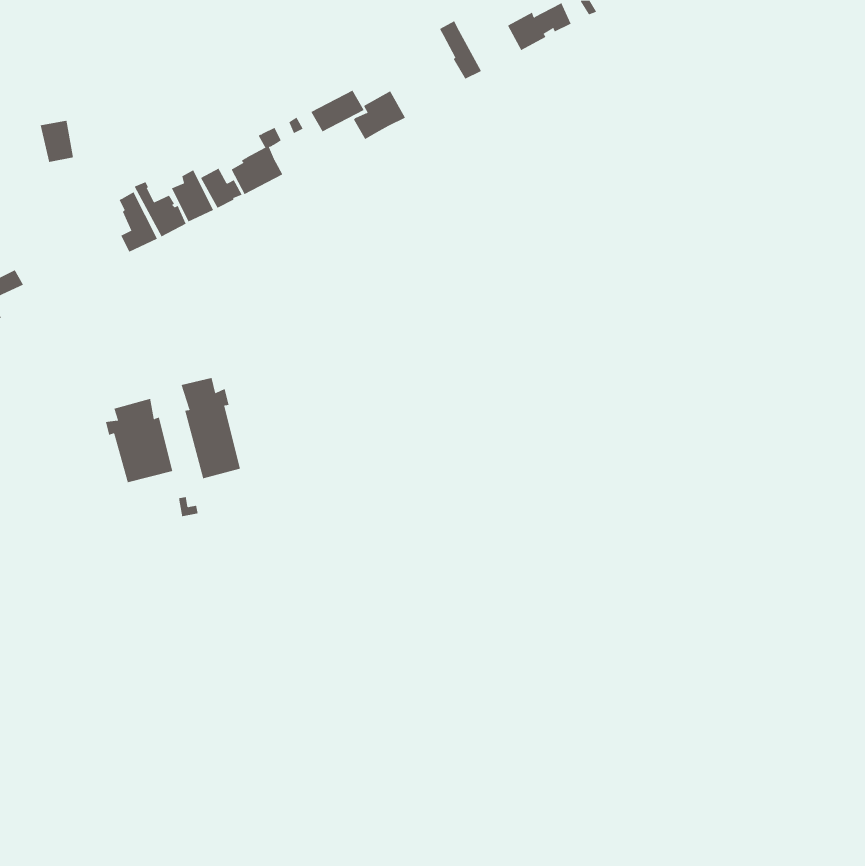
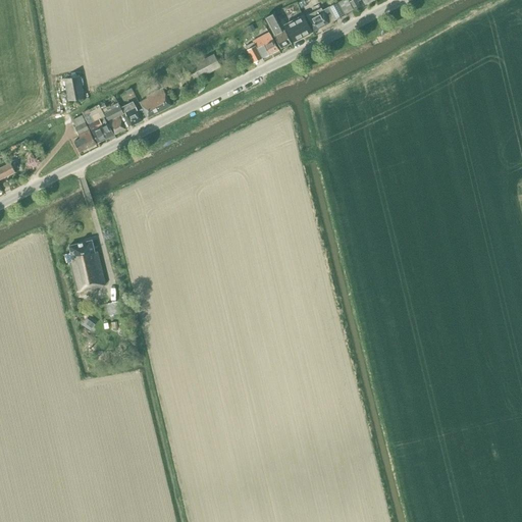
building: none -> [283,15,311,42]
building: [353,91,406,140] -> [246,33,277,62]
building: [40,120,74,163] -> [62,75,83,101]
building: [181,377,241,479] -> none

